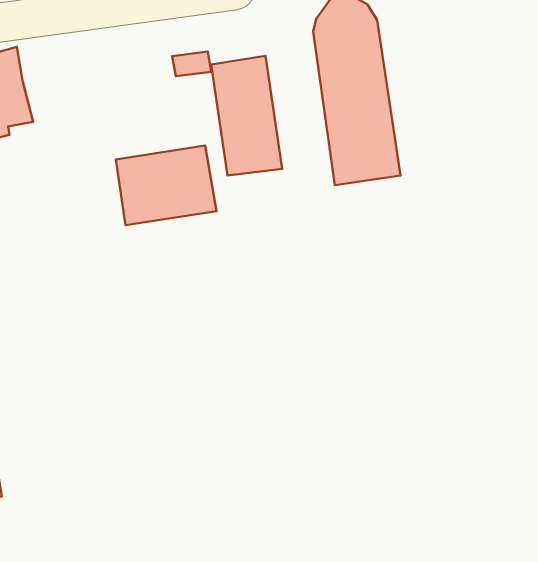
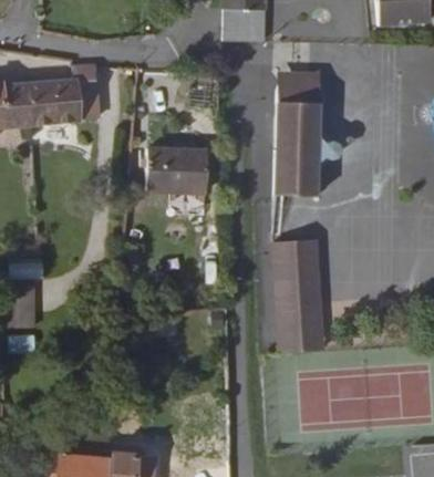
building: [211,56,282,176] -> none
building: none -> [272,242,319,352]

